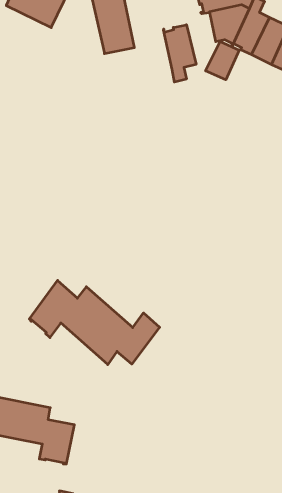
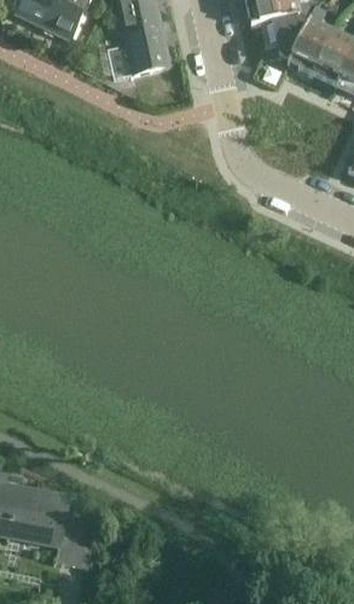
building: [164,25,196,82] -> none
building: [206,42,239,80] -> none
building: [29,280,160,365] -> none

